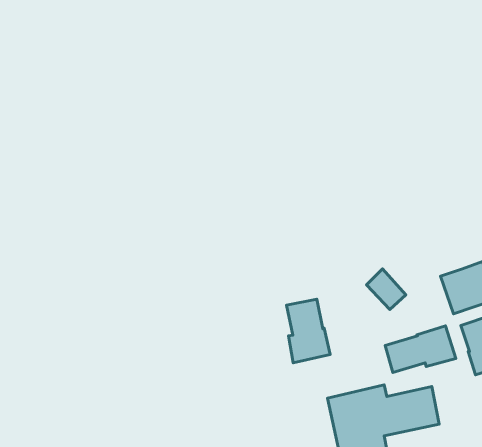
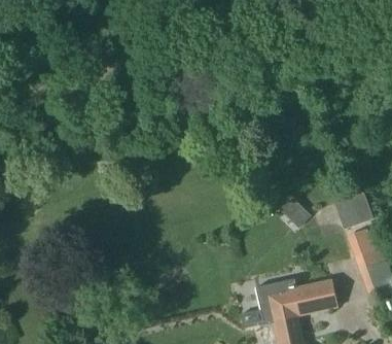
building: [287,299,330,363] -> none
building: [385,326,456,372] -> none

